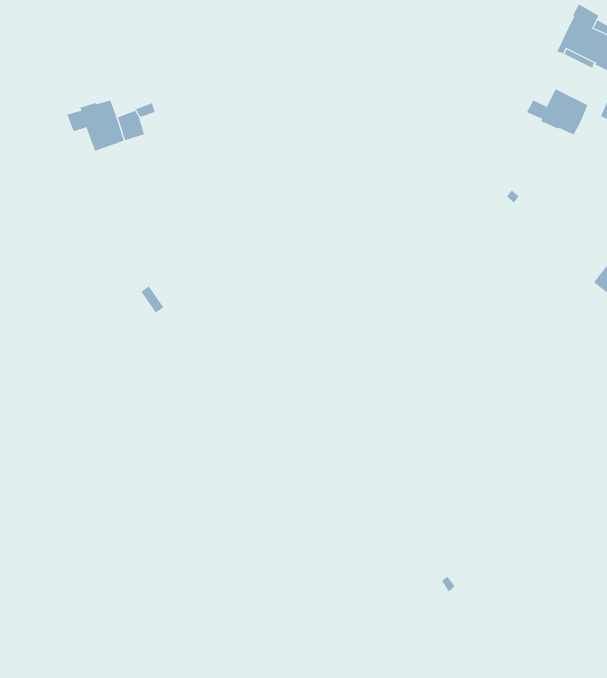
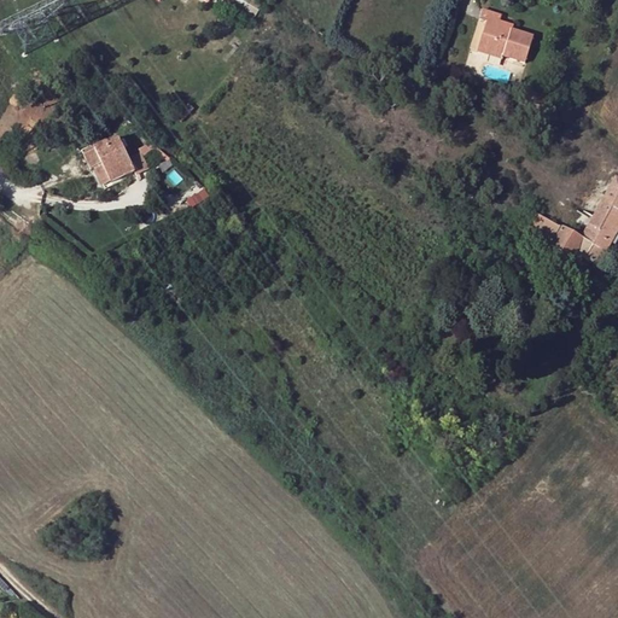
building: [526,89,588,135] -> none

